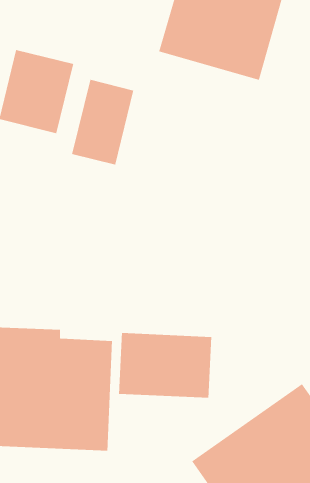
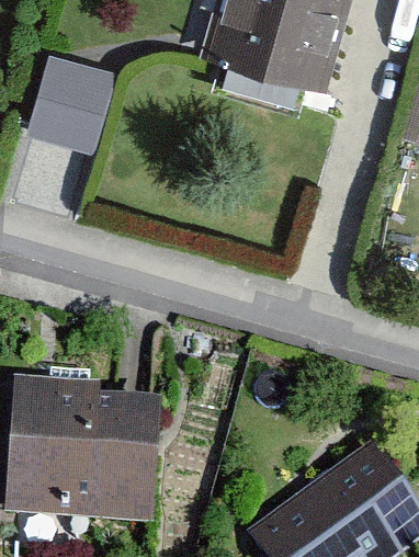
building: [71,79,134,166] -> none
building: [118,332,212,399] -> none

